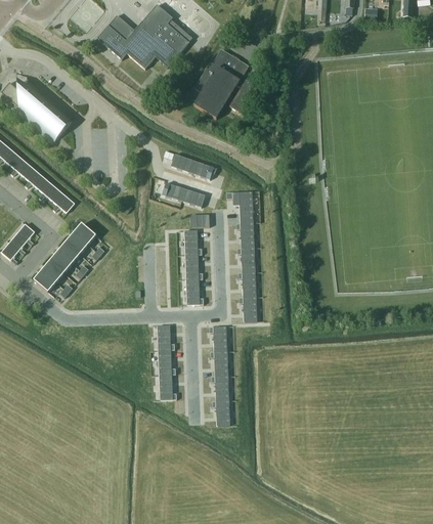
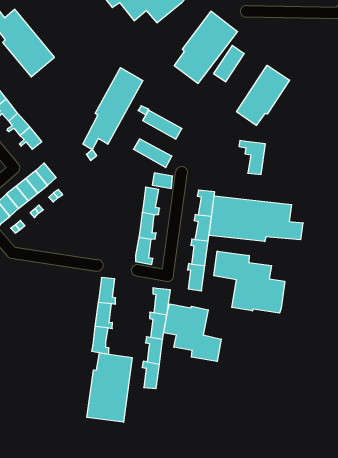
building: none -> [237,65,290,125]
building: none -> [83,68,143,150]
building: [226,191,253,223] -> [239,140,265,174]
building: none -> [209,196,303,242]
building: none -> [214,251,285,313]
building: none -> [164,304,221,362]
building: none -> [87,353,132,422]

